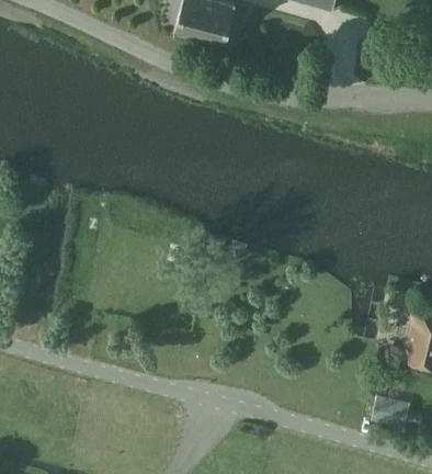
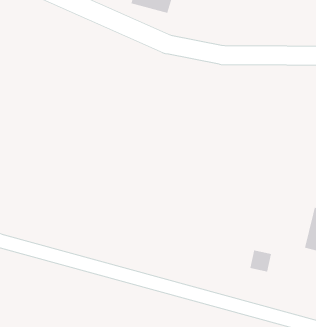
building: [372,398,401,428] -> [249,250,272,272]

